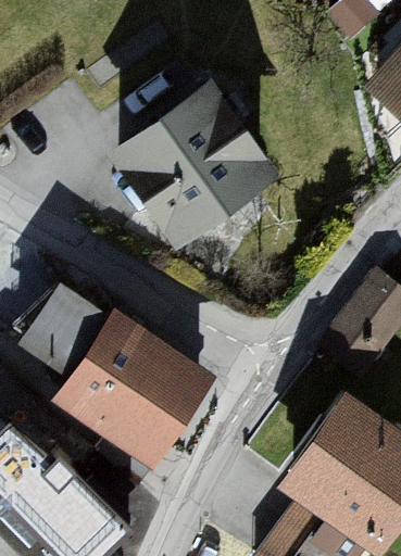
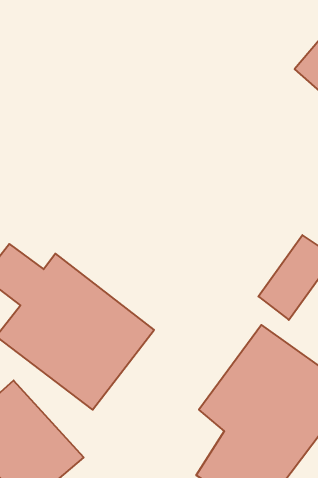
building: [102,84,271,250] -> none

